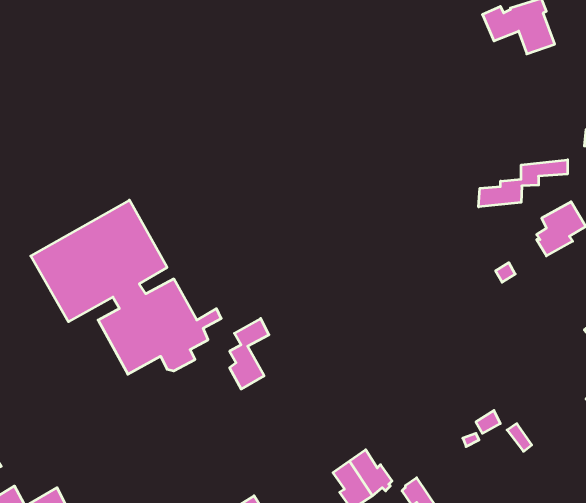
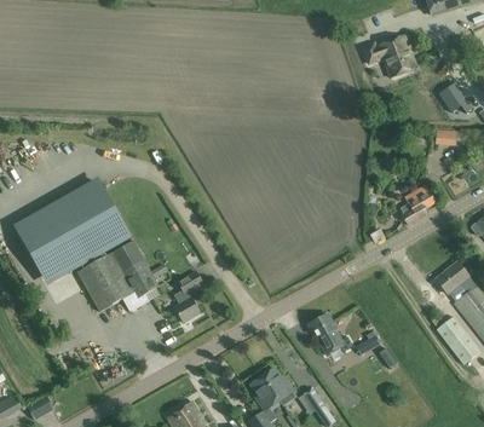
building: [479,160,568,207] -> none
building: none -> [307,312,345,354]

